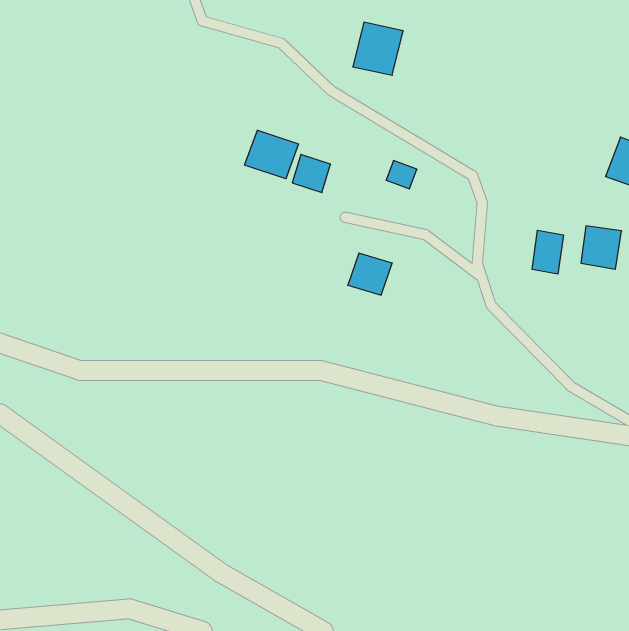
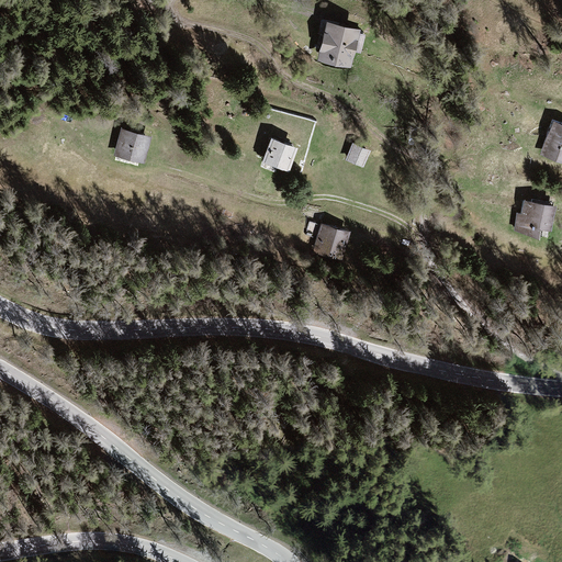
building: [245,130,298,179] -> none
building: none -> [113,130,151,164]
building: [532,230,563,274] -> none

